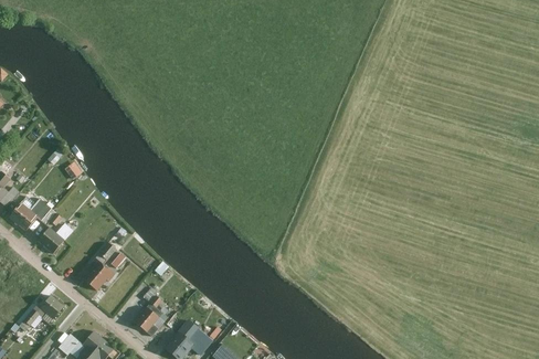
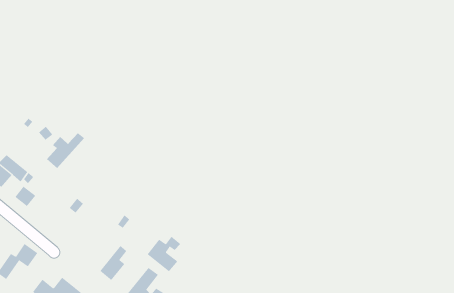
building: [83,251,126,292] -> [46,132,85,169]
building: none -> [147,236,181,272]

